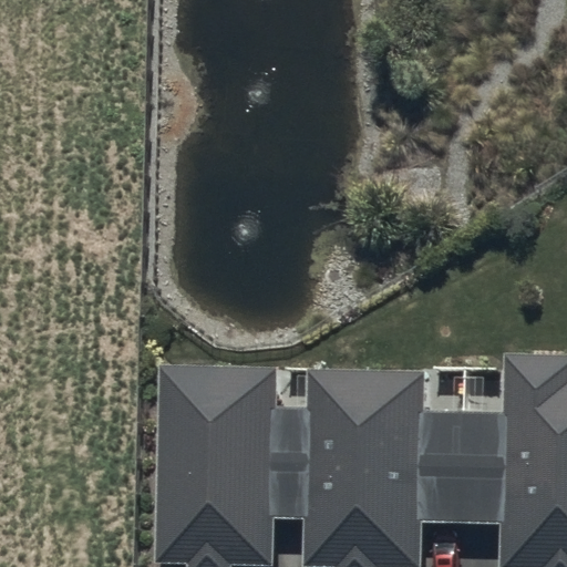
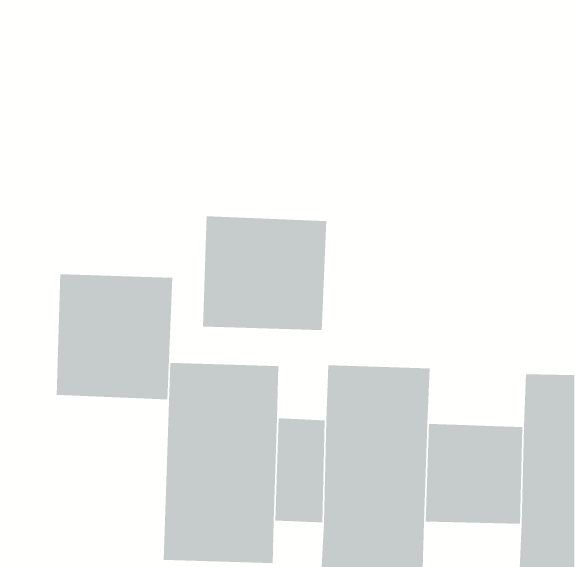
building: none -> [203,215,327,331]
building: none -> [56,274,173,400]

